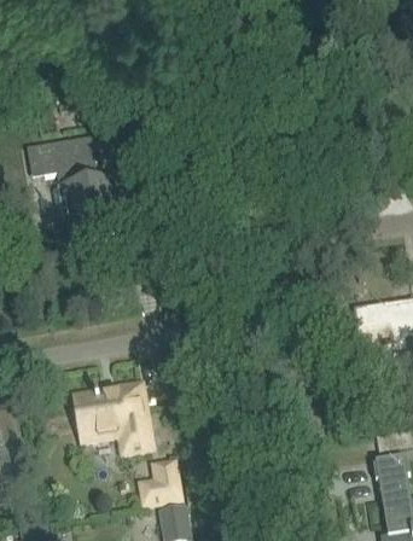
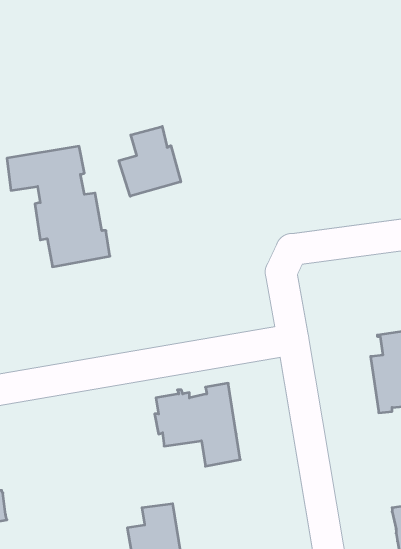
building: none -> [119,126,181,196]
building: [74,380,151,455] -> [155,383,240,466]

